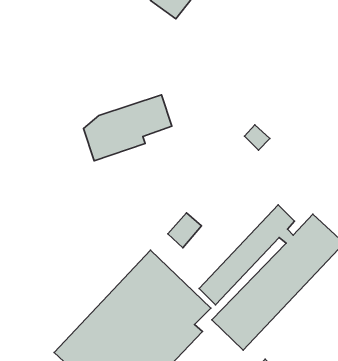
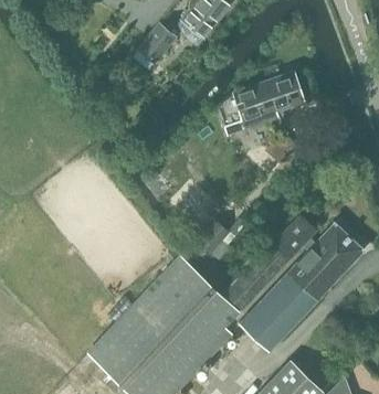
building: none -> [139,24,176,62]
building: [84,95,172,161] -> [219,72,303,135]

